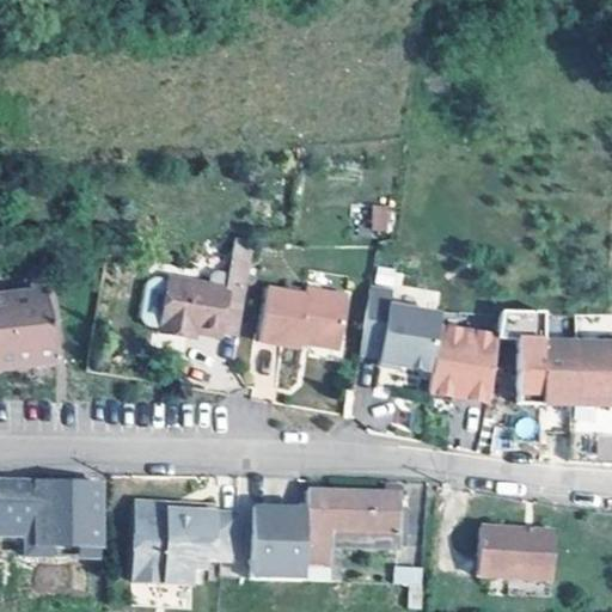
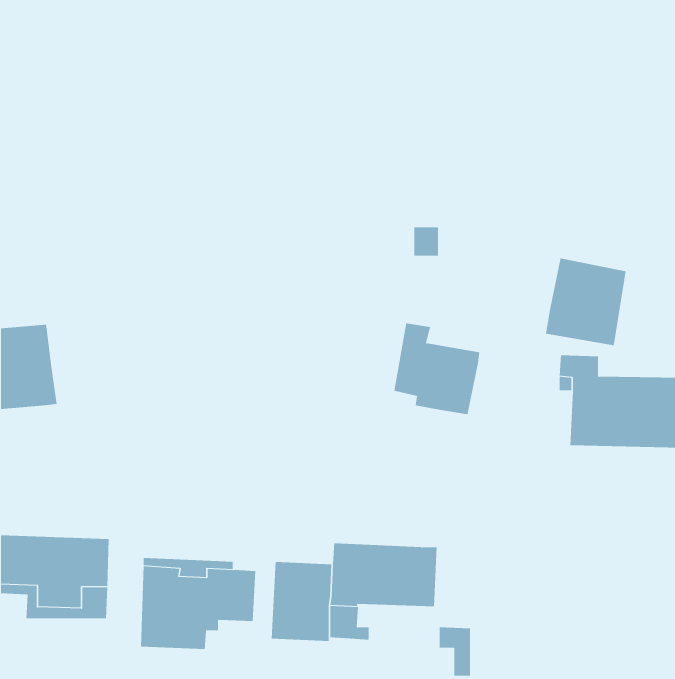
building: [159,239,252,333] -> none
building: [256,287,345,347] -> none
building: [422,325,495,404] -> [545,258,627,346]
building: [482,525,558,579] -> none

